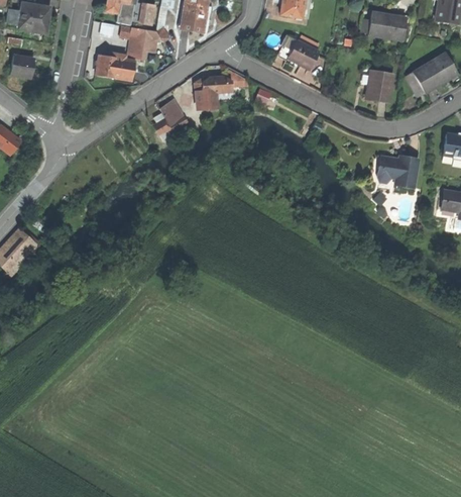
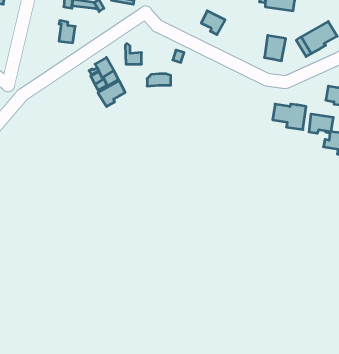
building: [129,34,157,59] -> none
building: [96,55,117,78] -> none
building: [202,78,231,93] -> [147,74,171,86]
building: none -> [98,81,125,107]
building: none -> [309,114,333,133]

